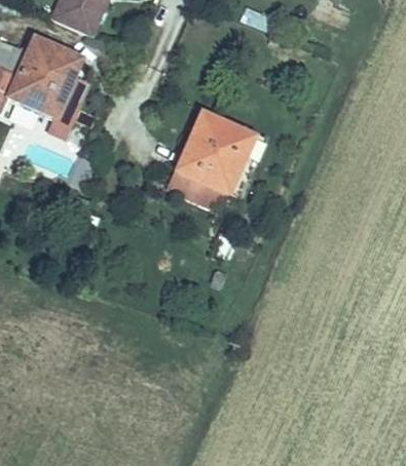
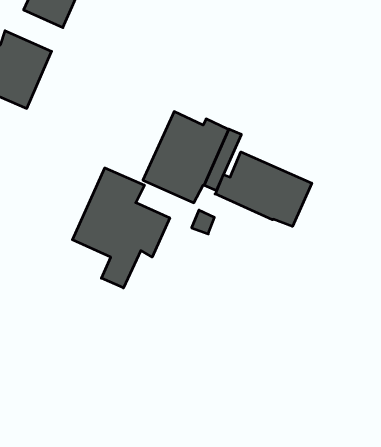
building: none -> [215,152,312,226]
building: none -> [72,168,170,288]

